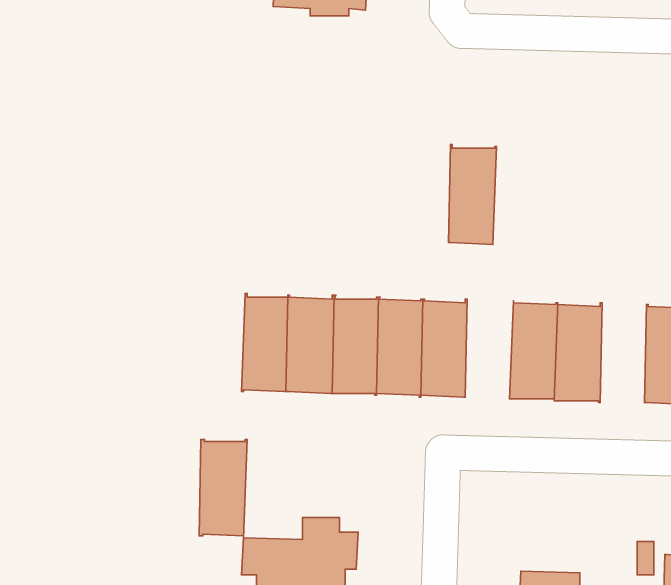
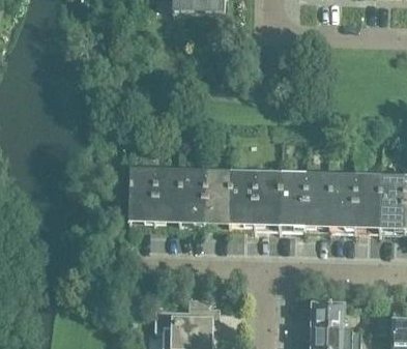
building: [449,145,497,245] -> [281,172,308,228]
building: none -> [356,174,382,230]
building: [199,440,247,538] -> [130,169,157,224]
building: none -> [312,298,346,325]

